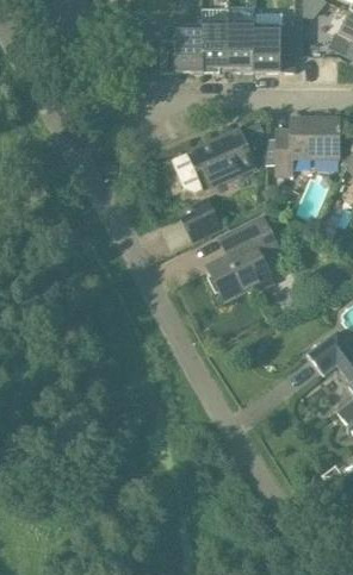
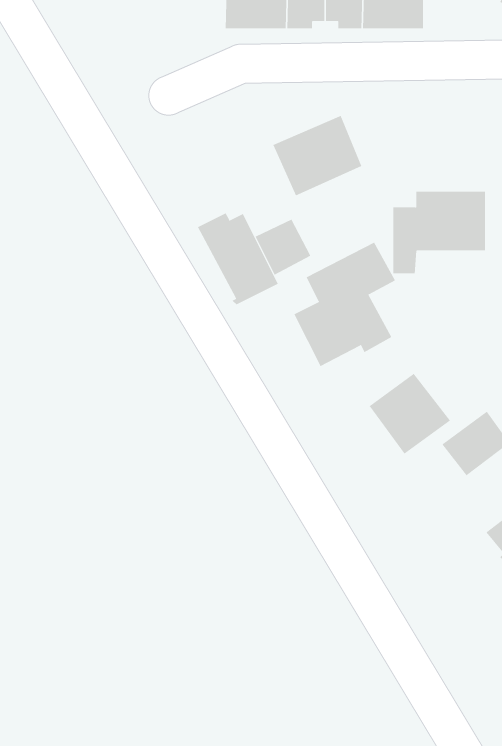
building: [275,117,339,173] -> [393,191,486,274]
building: none -> [197,212,279,305]
building: none -> [369,373,451,455]

